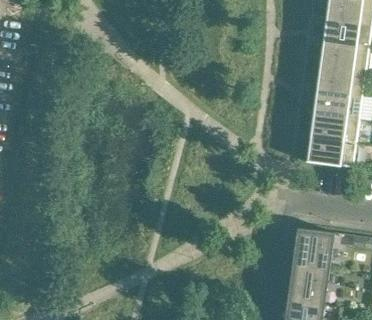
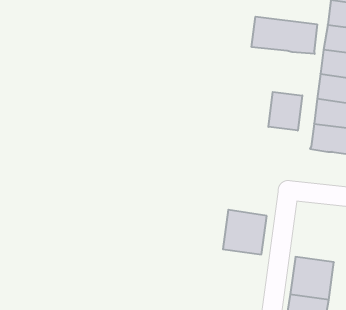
building: none -> [252,17,317,54]
building: none -> [268,92,302,131]
building: [291,227,333,270] -> [223,210,267,254]

